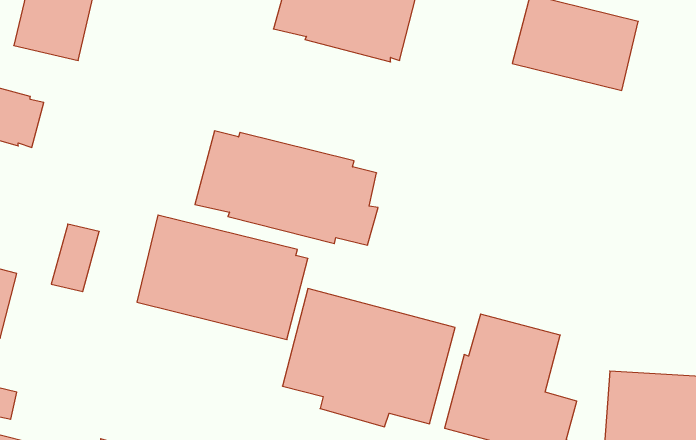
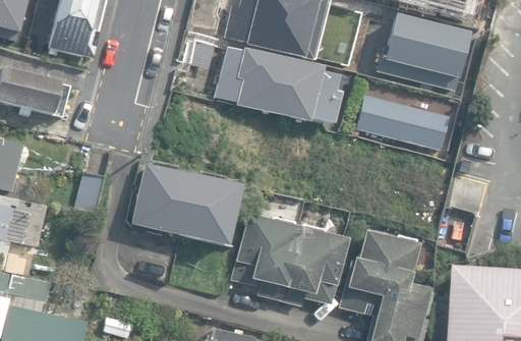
building: none -> [356,92,450,148]
building: [195,131,378,245] -> [214,46,338,123]

